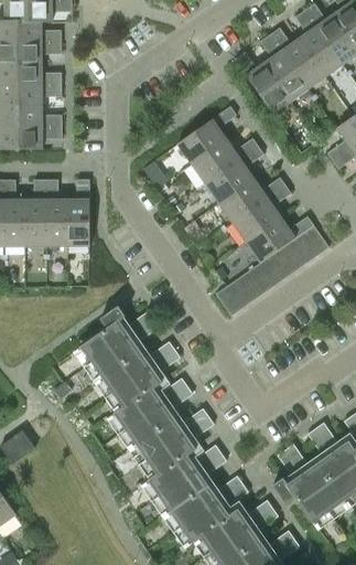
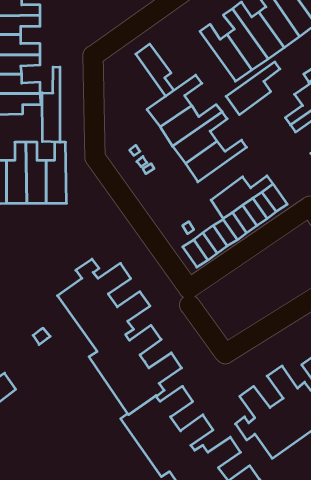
building: none -> [136,44,174,96]
building: none -> [42,67,60,142]
building: [231,184,290,242] -> [226,62,280,115]

